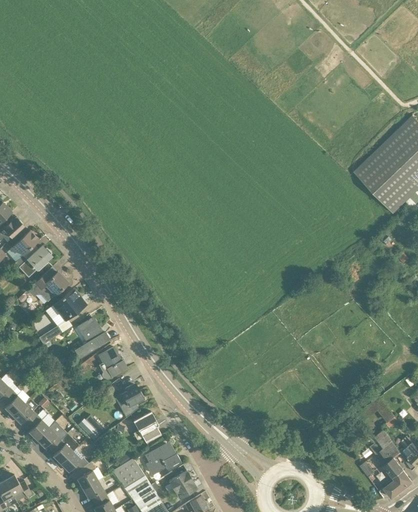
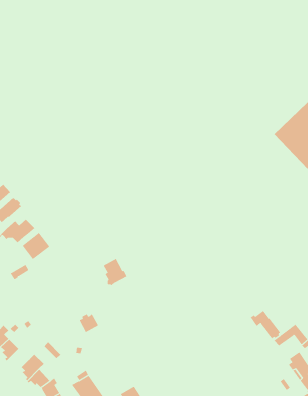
building: [73,319,109,360] -> none
building: [97,347,126,380] -> [103,258,127,286]
building: none -> [250,310,281,339]
building: [133,412,161,444] -> none
building: [34,428,69,450] -> none
building: [145,445,180,476] -> none

